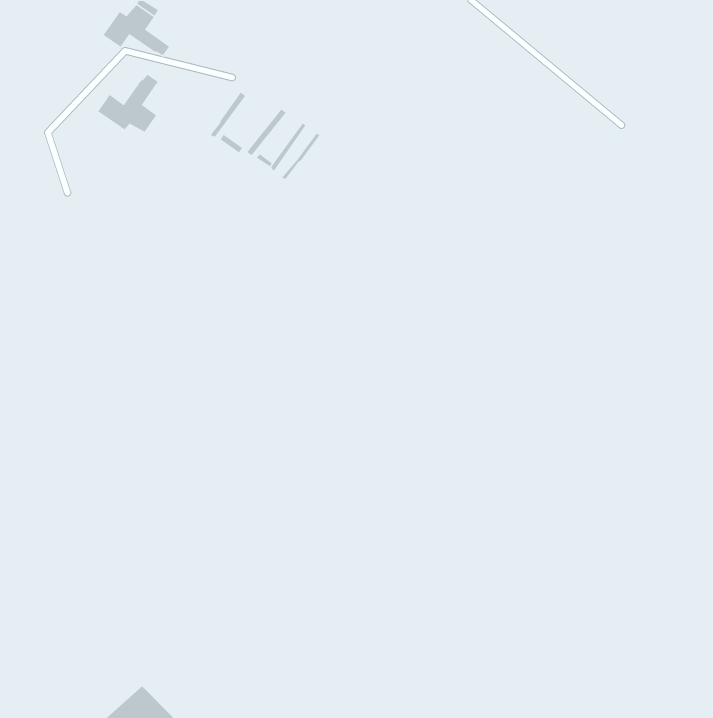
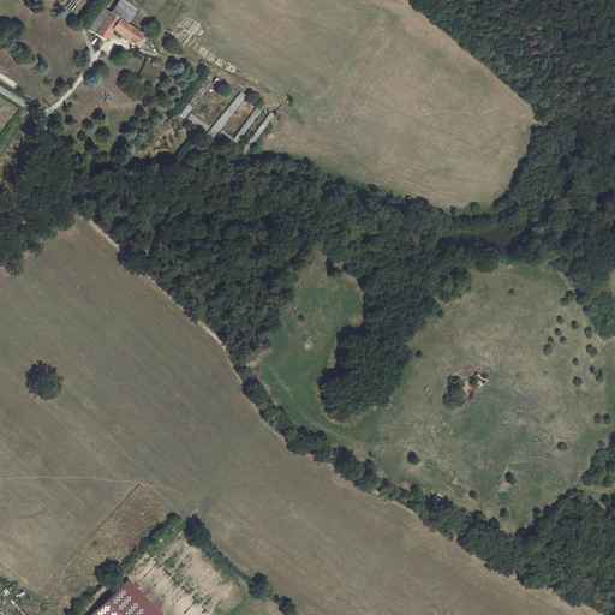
building: [97,74,159,133] -> none

